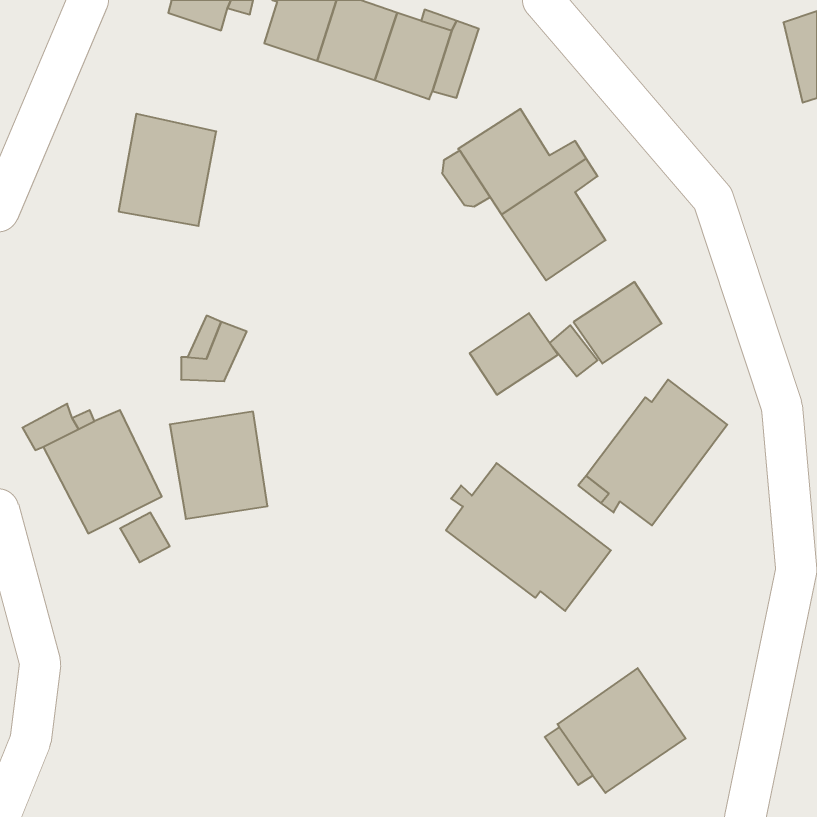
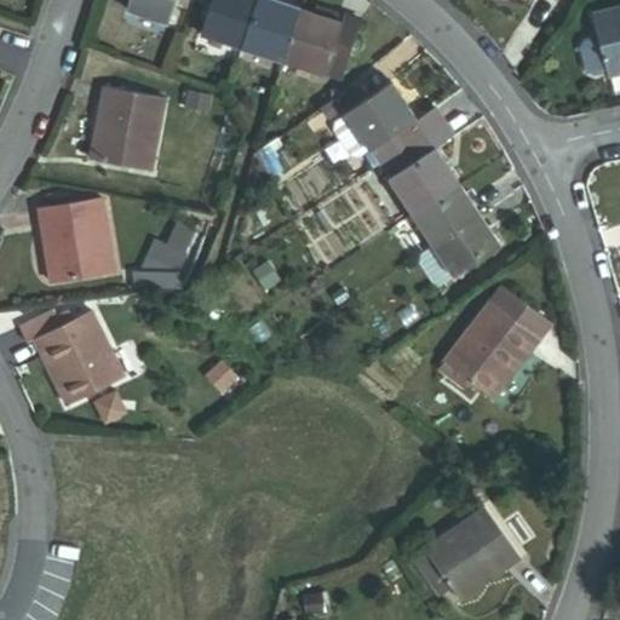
building: [470,313,558,395] -> [413,183,480,245]
building: [170,412,268,519] -> [39,201,113,282]
building: [446,463,611,611] -> none

